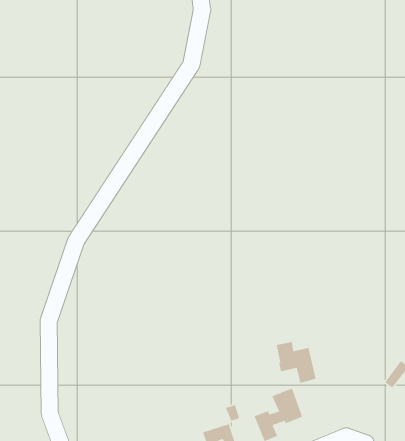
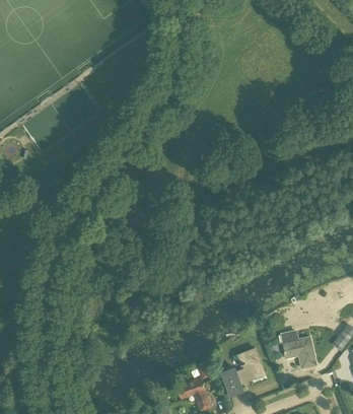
building: [276,341,316,384] -> [281,333,315,369]

